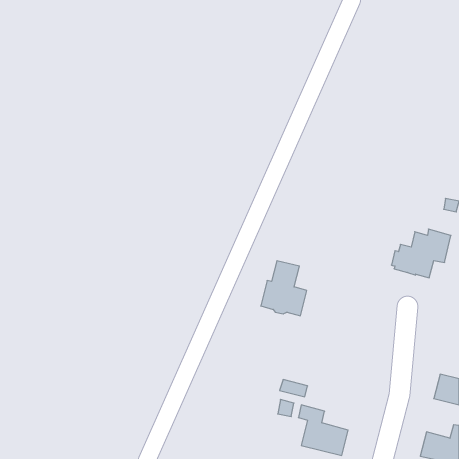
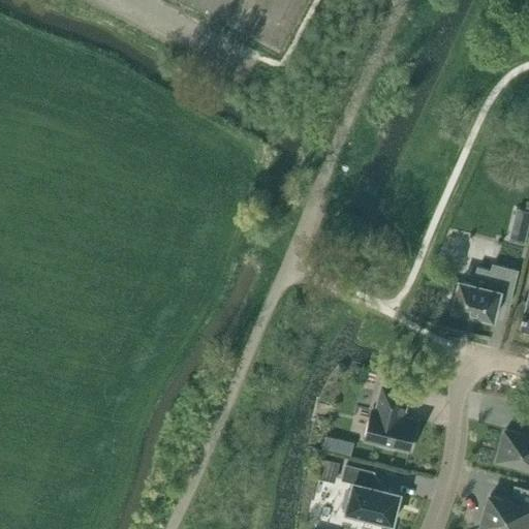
building: [261,261,307,316] -> [363,388,415,452]

